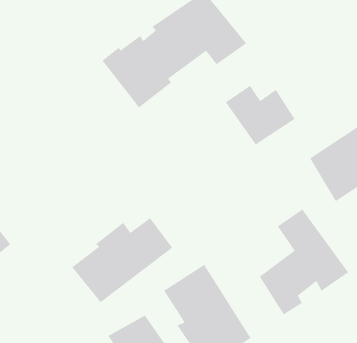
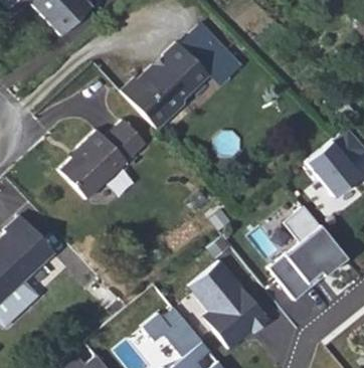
building: [225,85,295,146] -> none
building: [71,217,173,303] -> [59,121,147,199]

